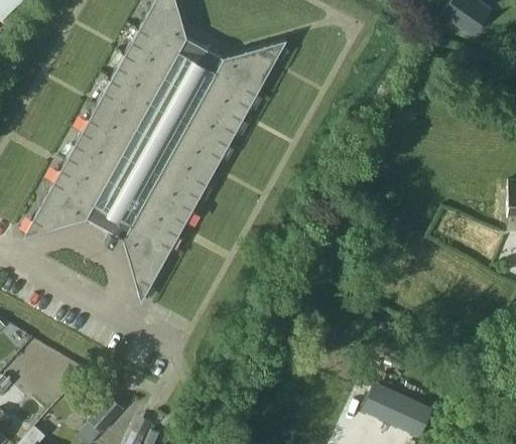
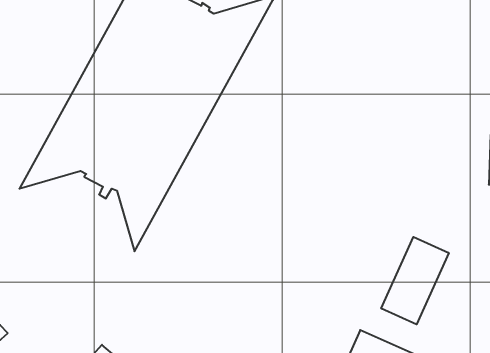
building: none -> [381,237,449,324]

